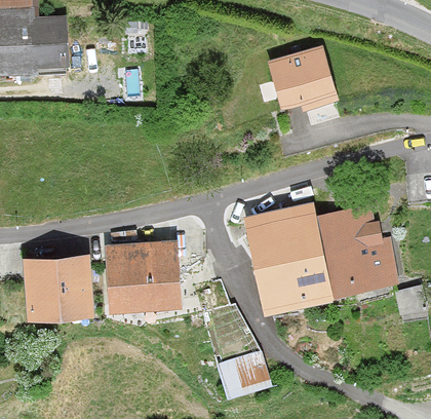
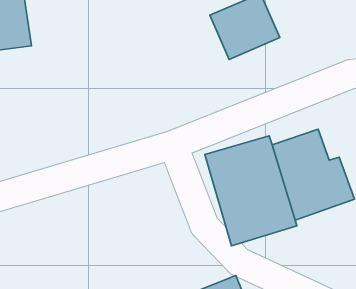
building: [101,240,182,313] -> none
building: [21,255,93,321] -> none

